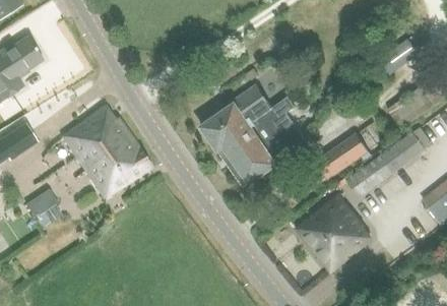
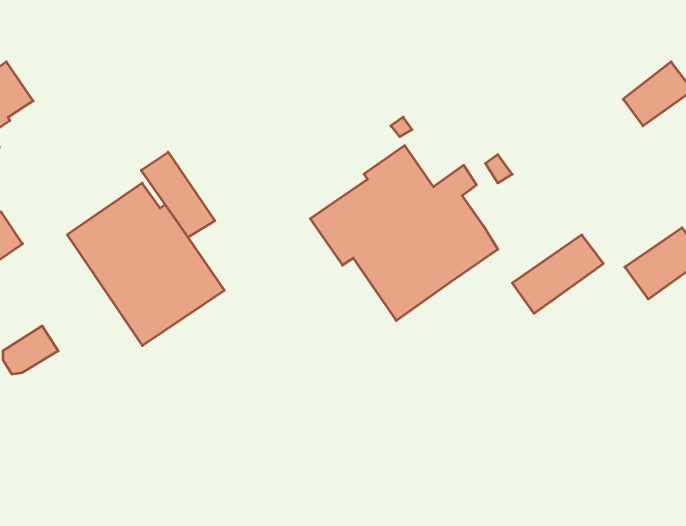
building: none -> [141,152,215,237]
building: [345,154,392,196] -> none
building: [297,197,370,271] -> none

